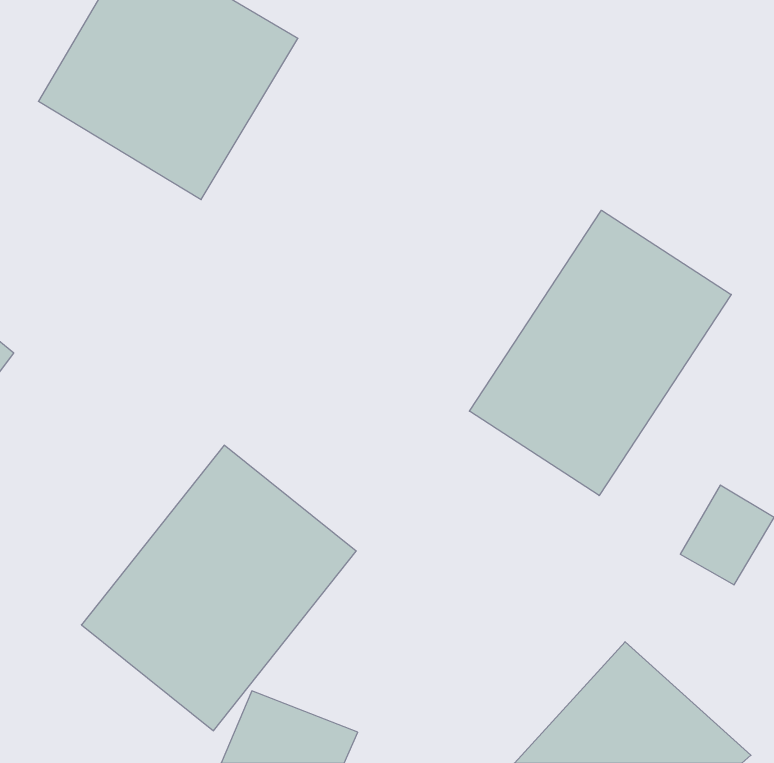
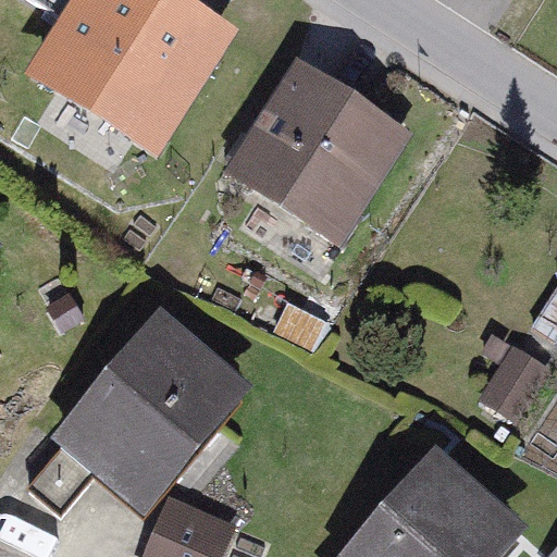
building: none -> [205,69,392,253]
building: [469,210,731,496] -> none

